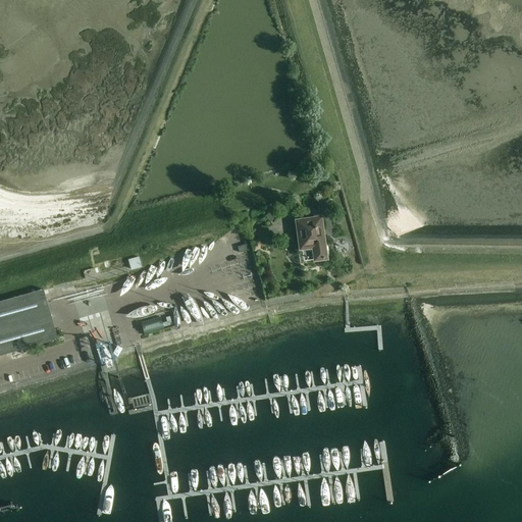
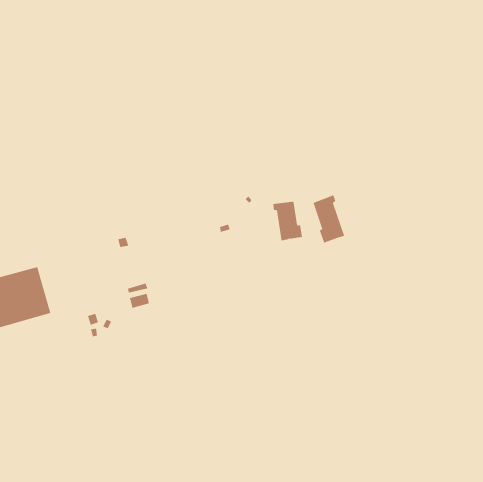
building: none -> [313,194,345,244]

